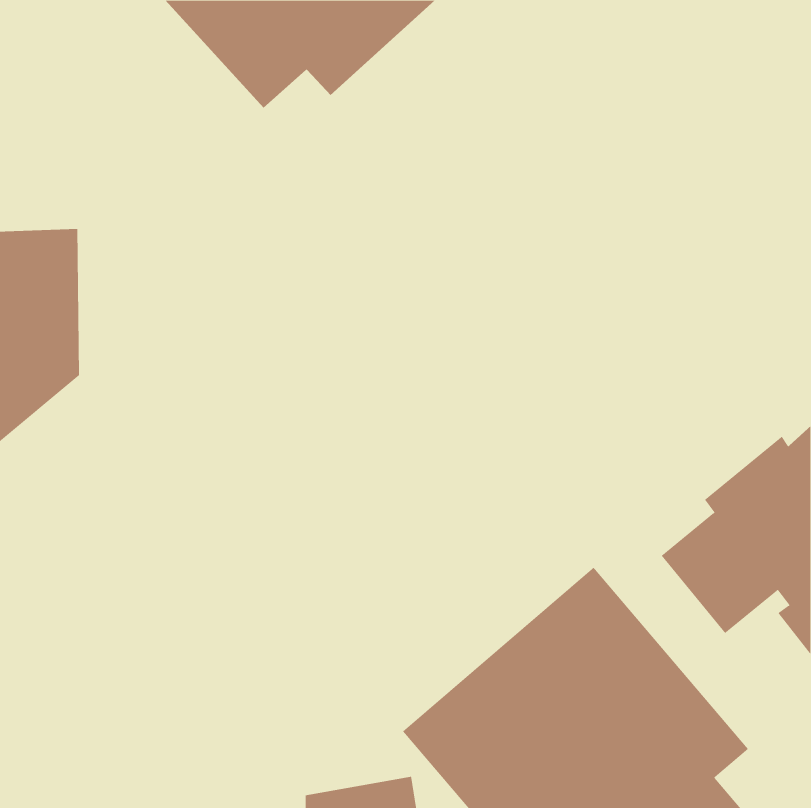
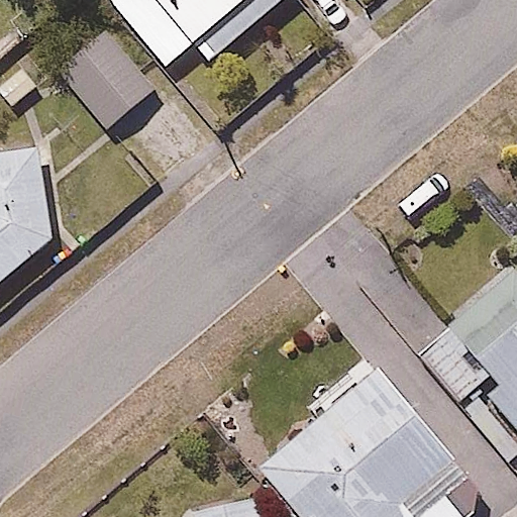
building: none -> [54,21,157,127]

